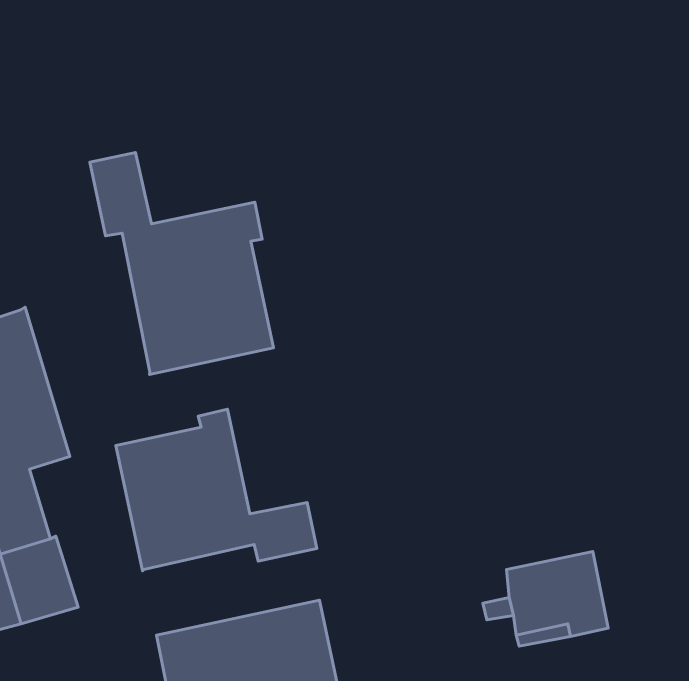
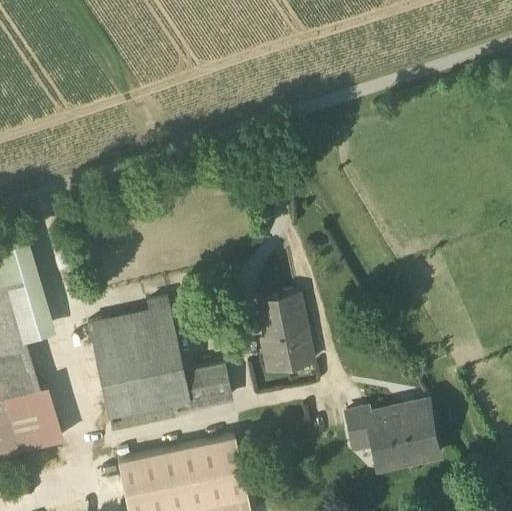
building: [90,153,273,374] -> none
building: none -> [259,293,312,372]
building: none -> [107,395,189,432]
building: none -> [345,407,369,437]

